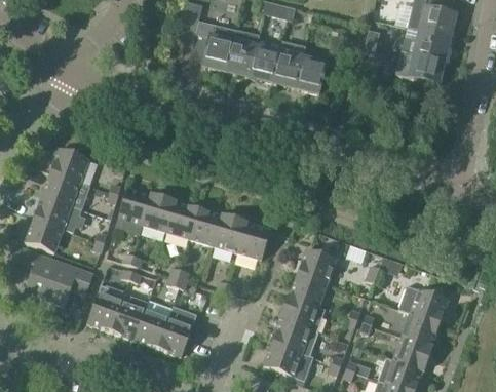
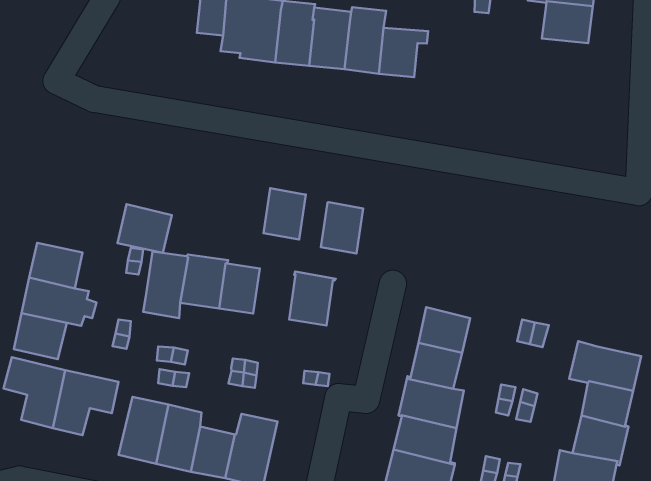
building: [49,146,88,182] -> [118,204,172,253]
building: [189,207,221,244] -> [264,188,306,239]
building: [237,222,269,259] -> [321,202,363,253]

